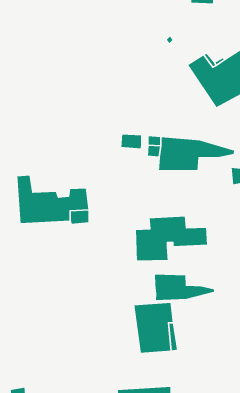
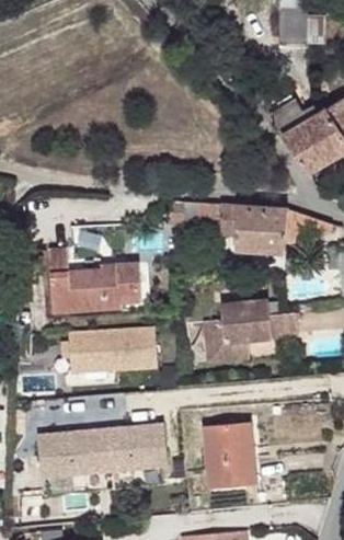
building: none -> [69,335,157,379]
building: [154,274,215,301] -> none
building: none -> [35,417,168,472]

